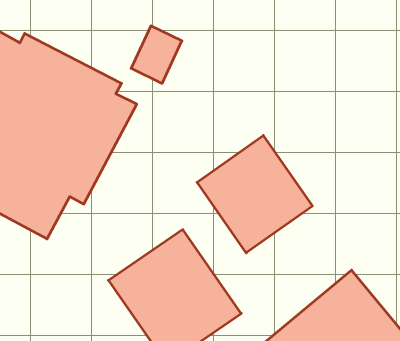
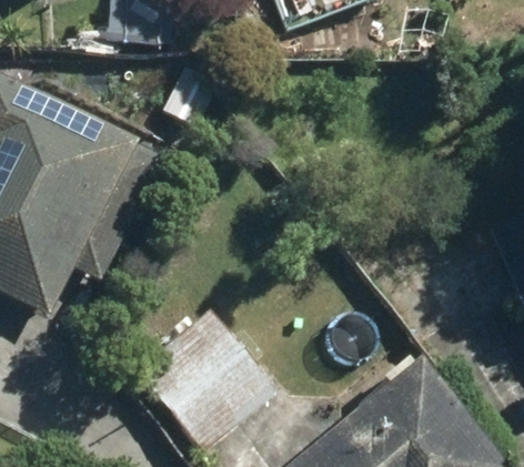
building: [197,135,312,253] -> none

